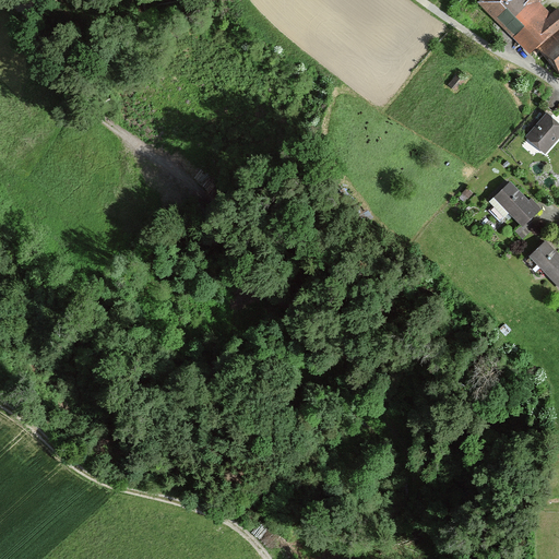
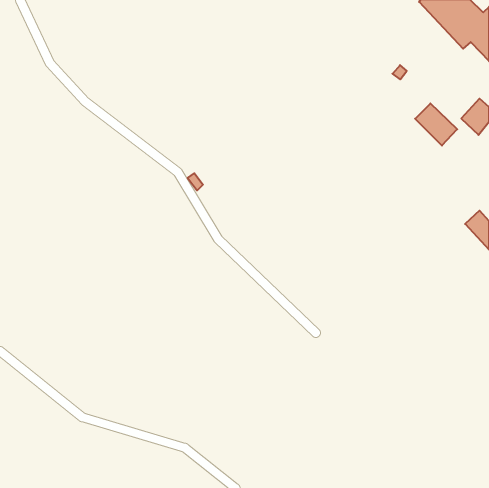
building: [493,180,542,228] -> [415,103,457,146]

